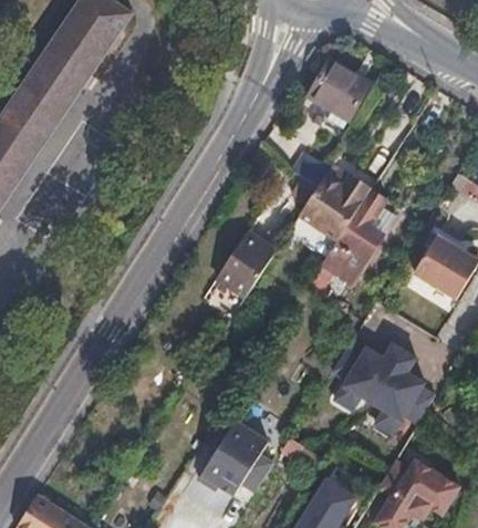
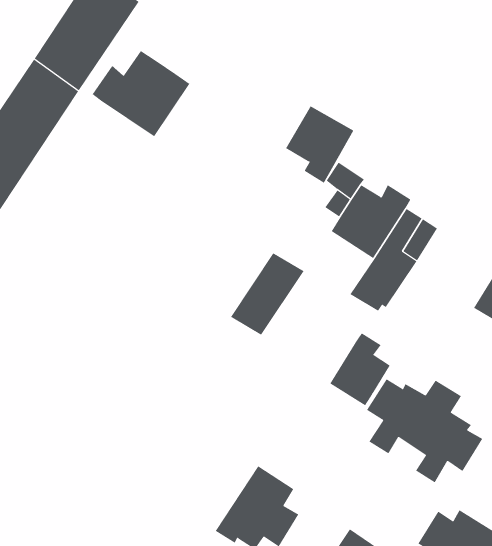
building: none -> [92,50,190,137]
building: [309,61,370,130] -> [285,105,354,184]
building: none -> [329,332,390,406]

